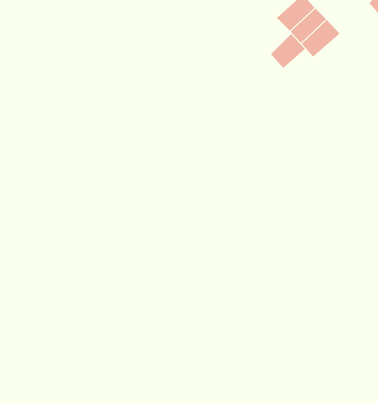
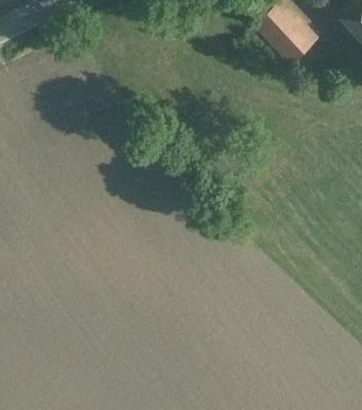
building: [270,33,306,69] -> none

